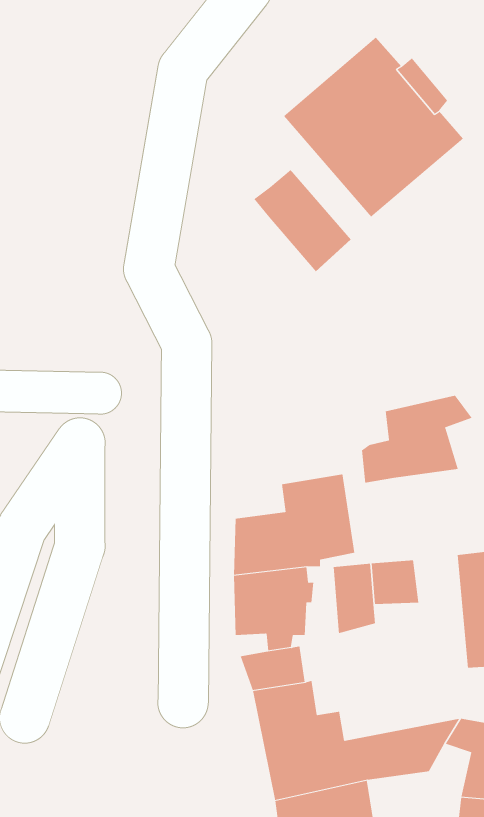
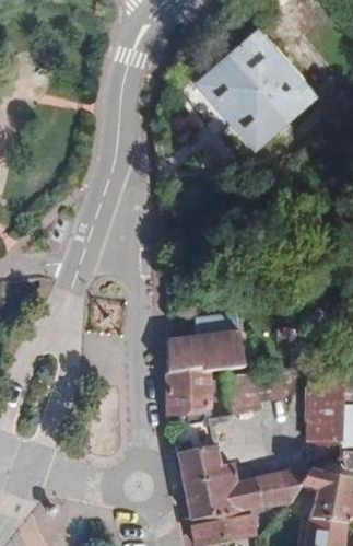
building: [254,169,352,272] -> none
building: [362,395,473,484] -> none

